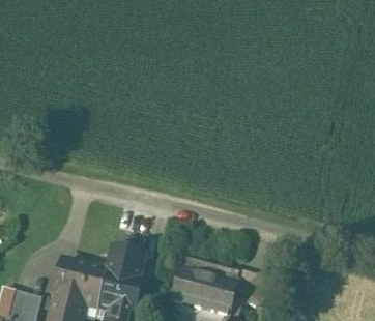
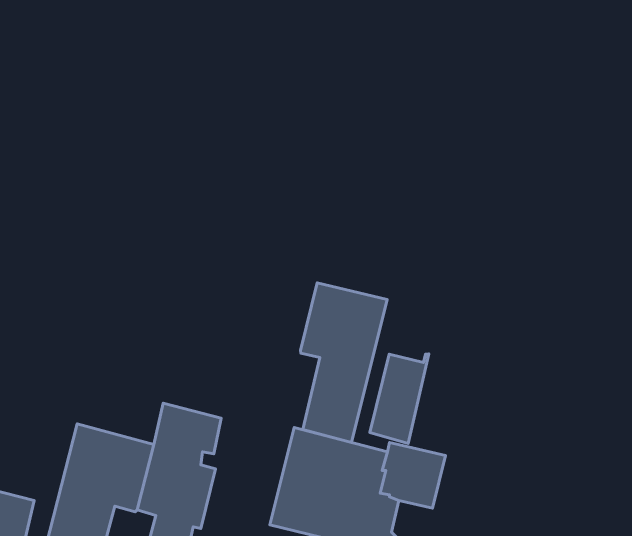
building: none -> [300,283,387,442]
building: none -> [370,354,429,443]

